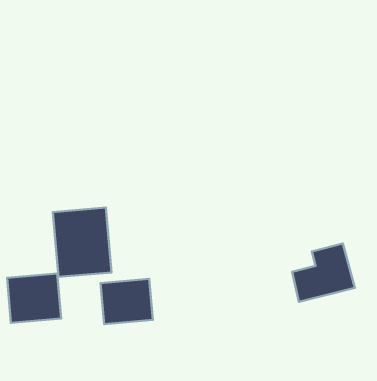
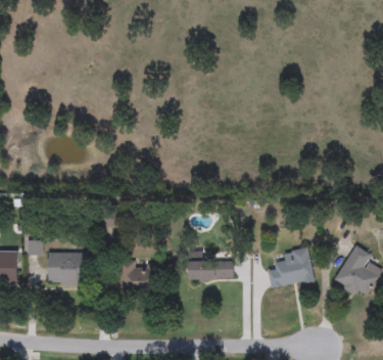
building: [53,208,112,277] -> none
building: none -> [188,260,233,279]

